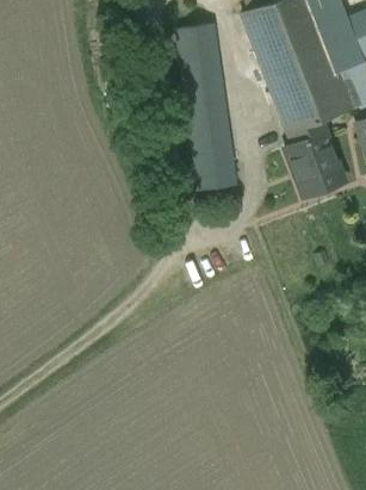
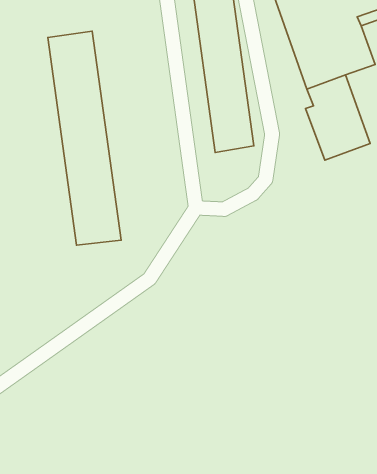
building: none -> [48,31,121,245]

